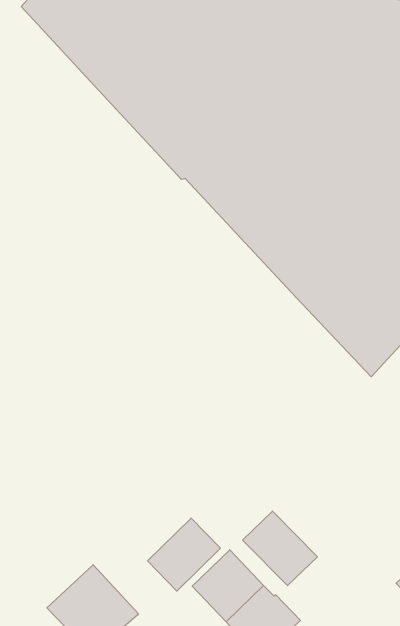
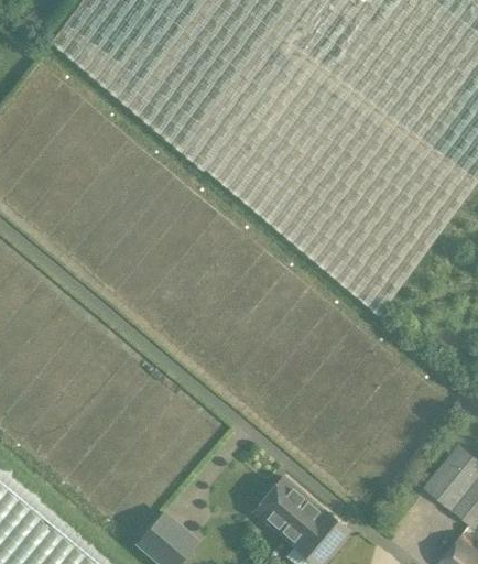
building: [243,511,317,586] -> none
building: [148,518,220,591] -> none

